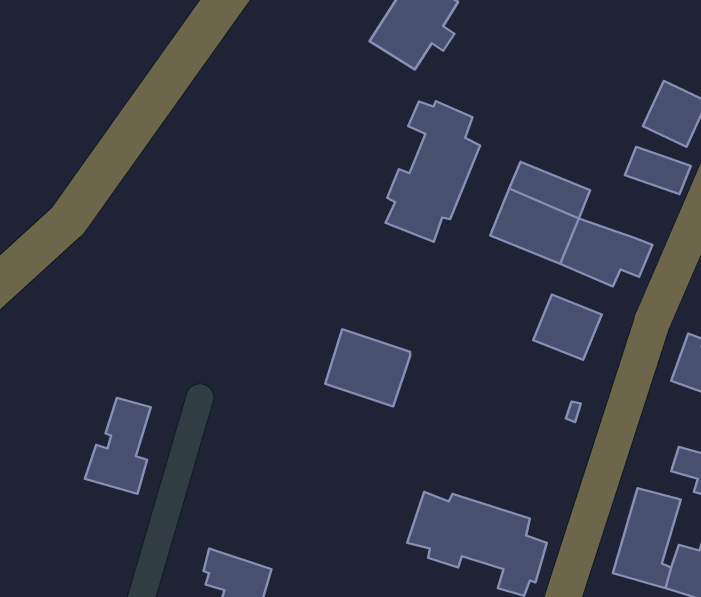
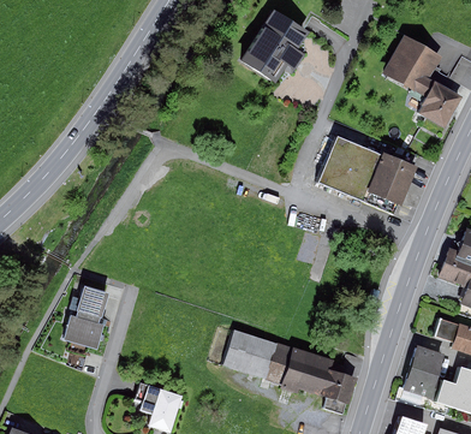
building: none -> [384,38,436,90]
building: [385,101,480,242] -> none
building: [625,147,691,194] -> [377,154,419,184]
building: [533,295,602,360] -> none
building: [325,329,410,407] -> [225,329,279,379]

